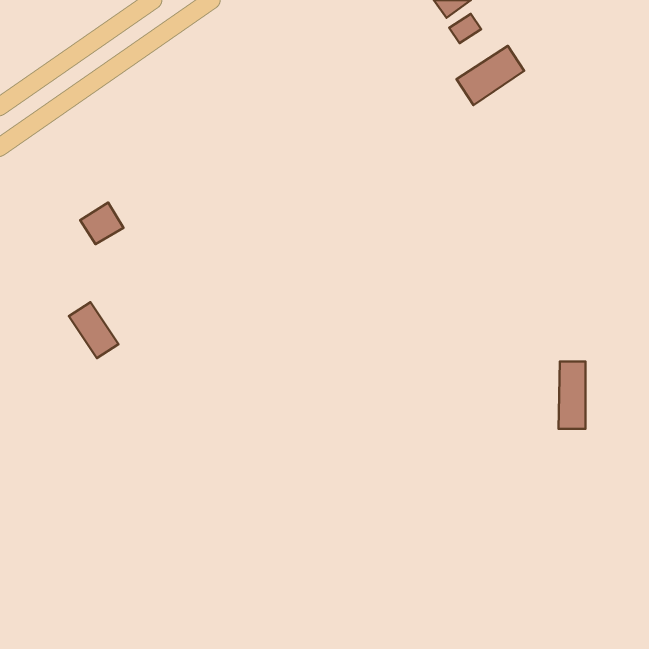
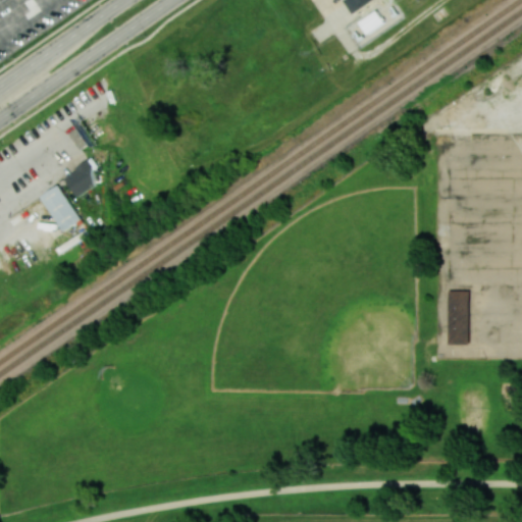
building: [457,46,524,105] -> none
building: [69,302,119,358] -> [40,186,80,230]

